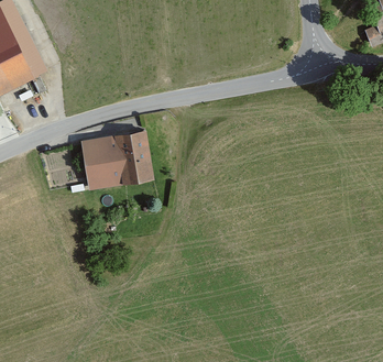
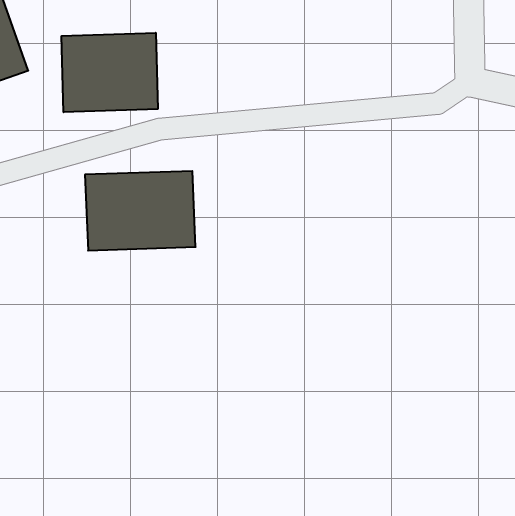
building: none -> [62,33,158,112]

